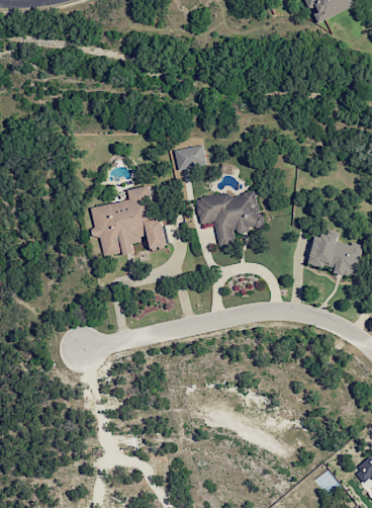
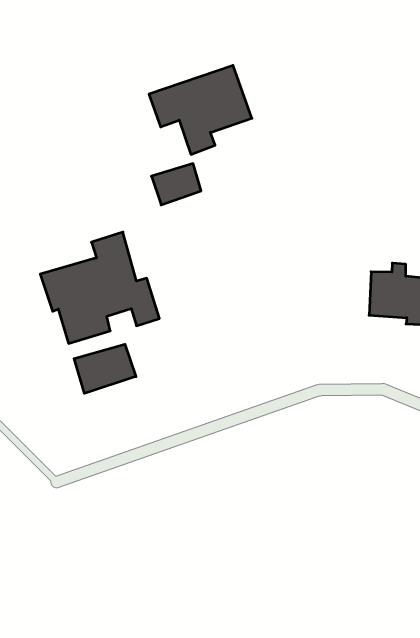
building: [195,188,263,245] -> [149,65,252,154]
building: none -> [74,344,136,393]

